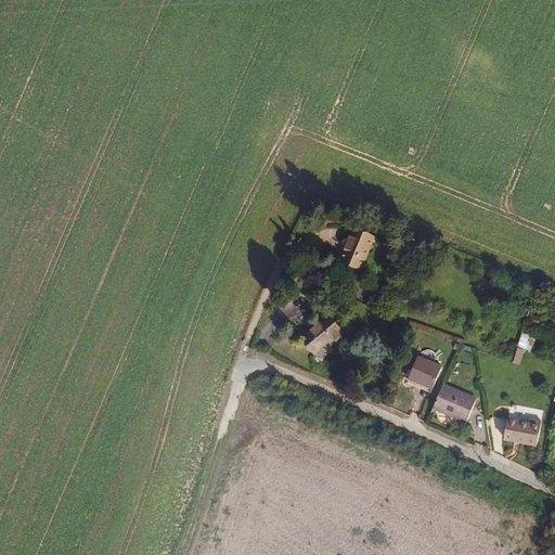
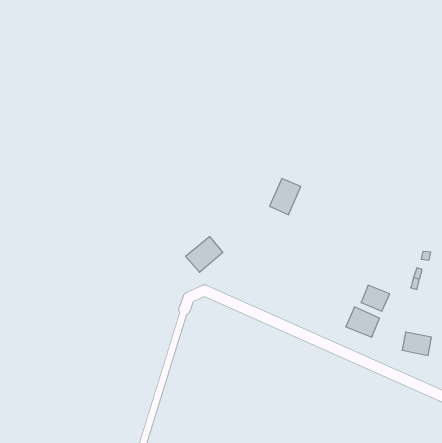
building: [297,312,344,357] -> [186,237,223,272]
building: [406,356,442,388] -> [361,285,390,311]

